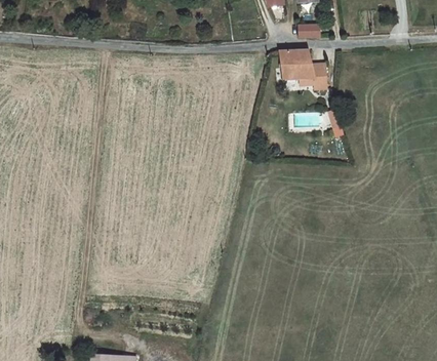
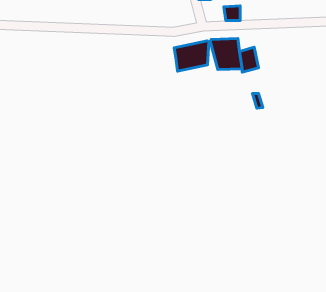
building: none -> [174,41,209,71]

